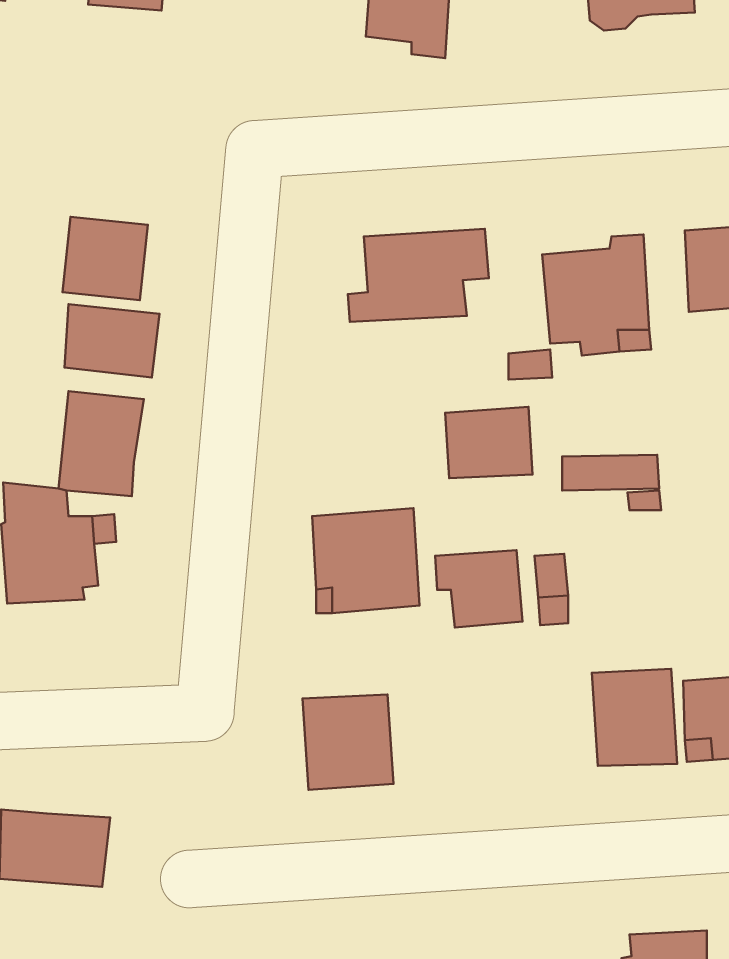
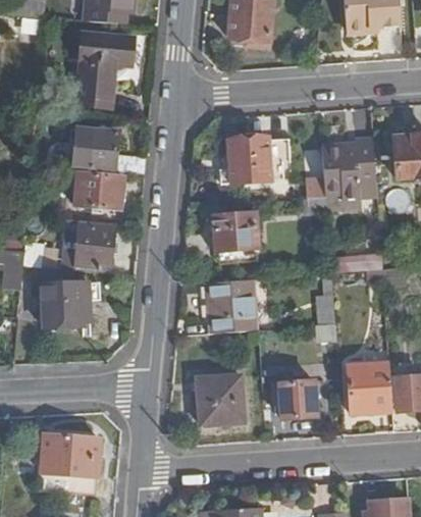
building: none -> [76,34,130,107]
building: [445,407,533,478] -> [212,214,257,251]
building: [435,550,522,627] -> [272,378,317,418]

